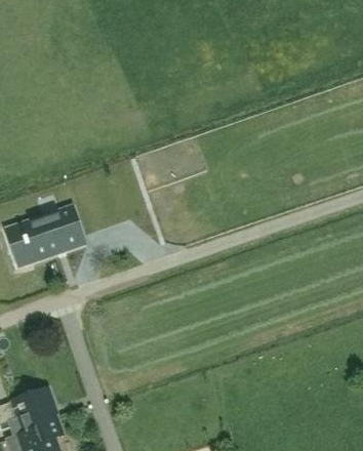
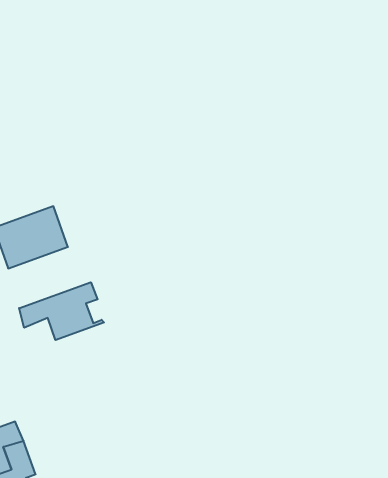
building: none -> [19,282,104,340]

